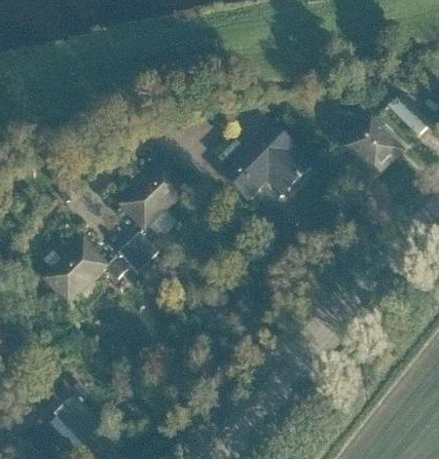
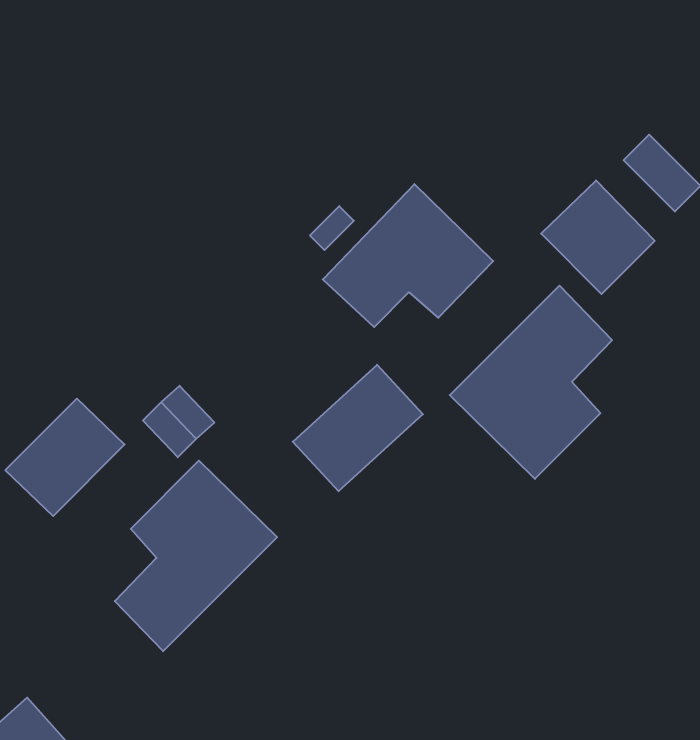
building: [117,164,190,235] -> [293,365,423,491]
building: none -> [450,286,612,479]
building: none -> [115,461,277,651]

